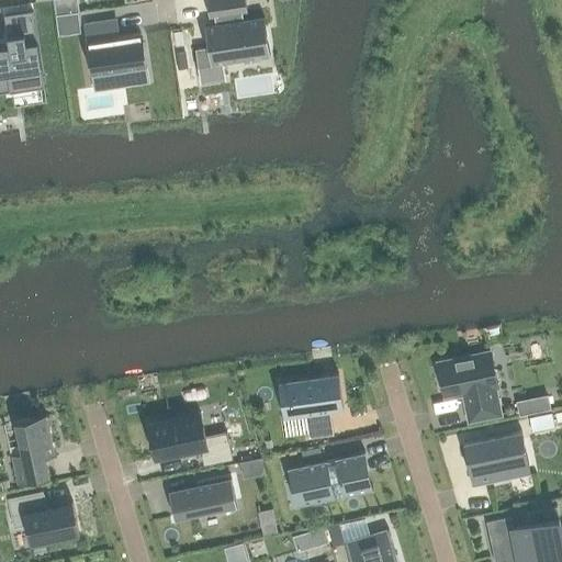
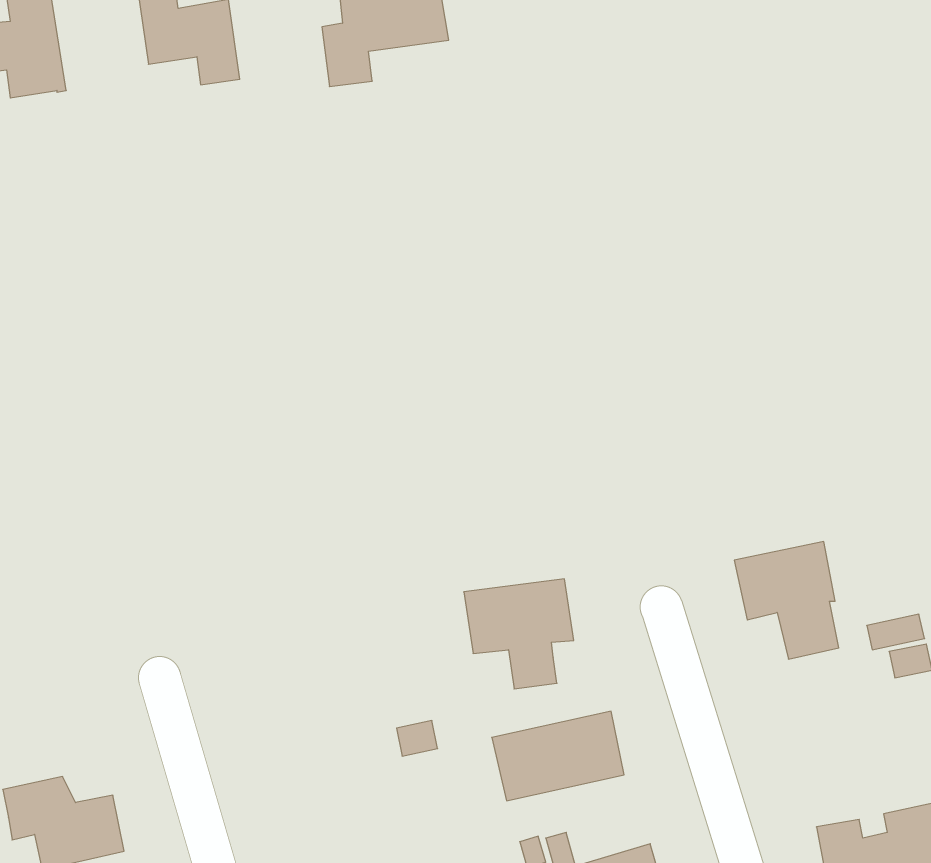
building: [147,412,231,468] -> none
building: [10,418,53,486] -> none
building: [461,431,528,488] -> none
building: [167,479,235,520] -> none

